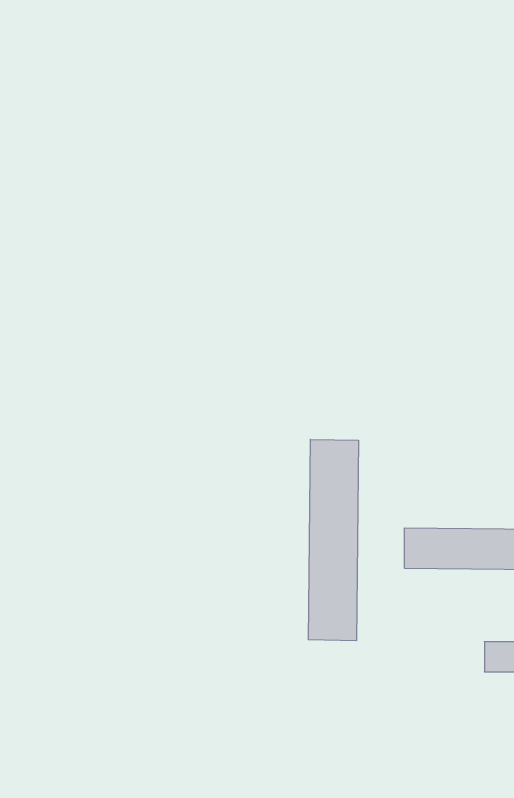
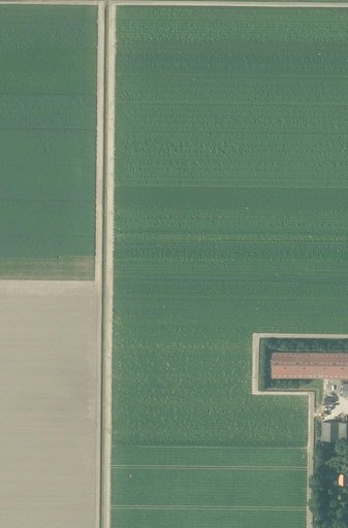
building: [308,439,358,641] -> none

